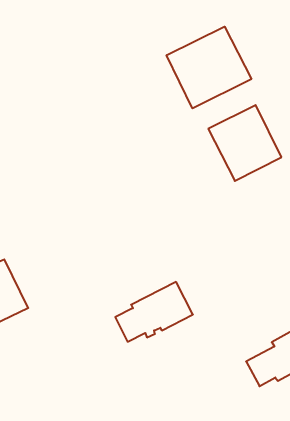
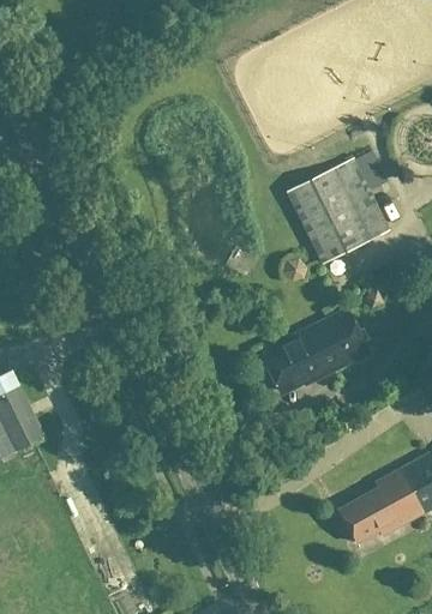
building: [167,27,251,108] -> none
building: [115,282,193,342] -> [263,308,368,390]

